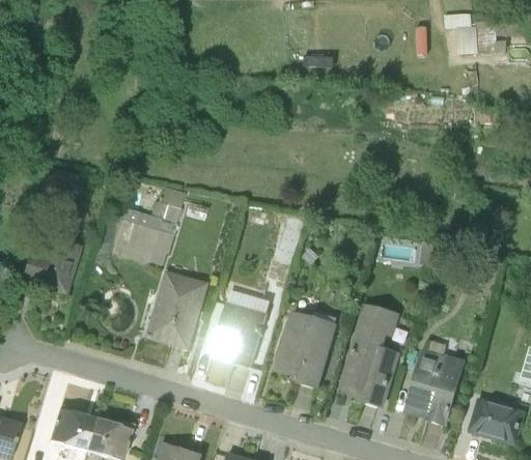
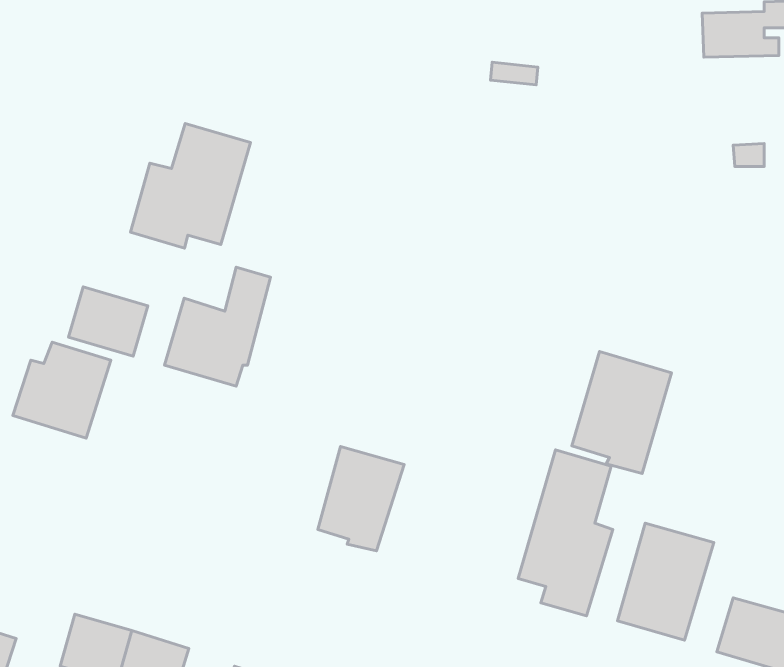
building: none -> [131,124,251,248]
building: none -> [68,287,148,356]
building: [145,268,208,349] -> none
building: [272,310,335,387] -> [572,351,671,474]

